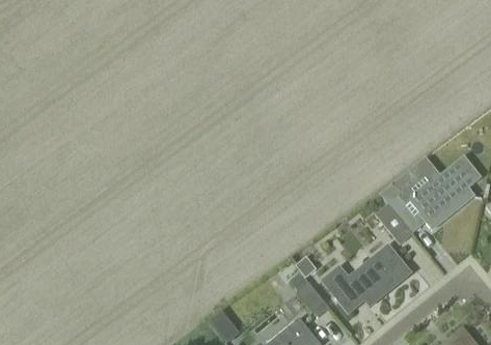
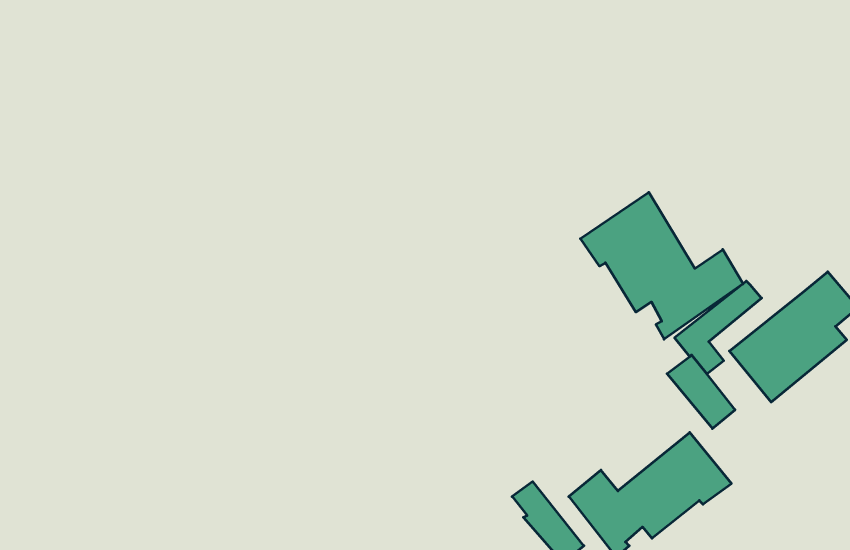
building: none -> [580,192,743,339]

